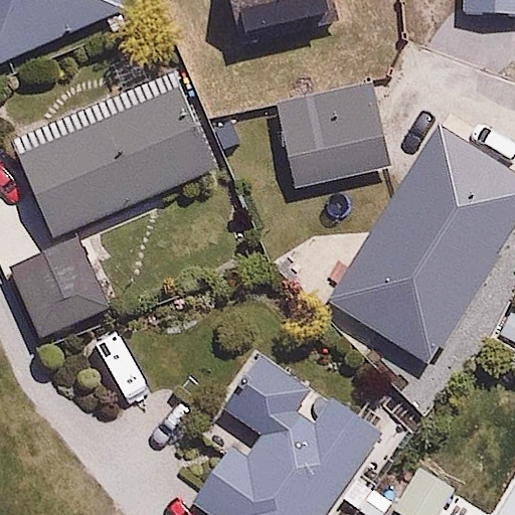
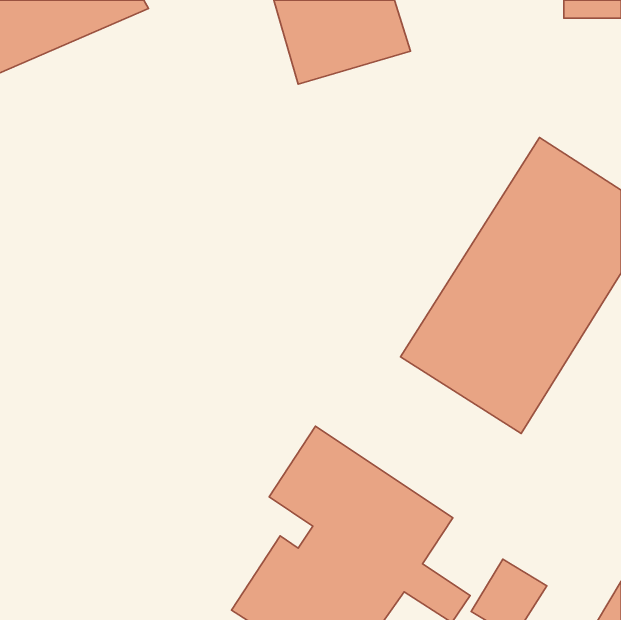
building: [13,71,215,236] -> none
building: [281,84,387,189] -> none
building: [11,242,104,337] -> none

